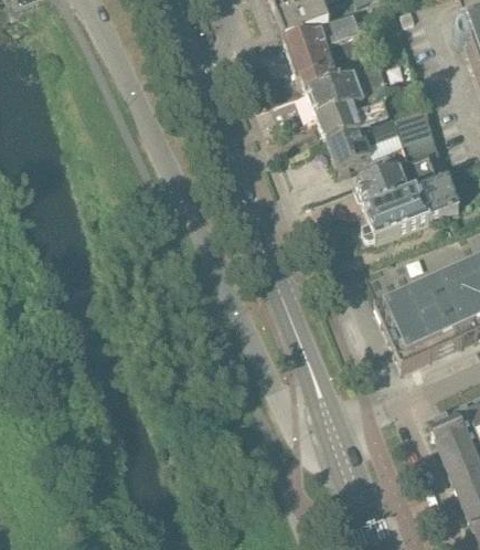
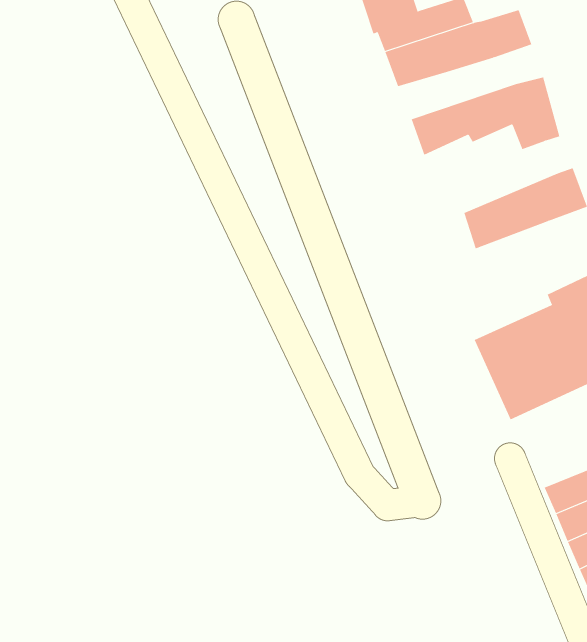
building: [317,98,405,139] -> none
building: [356,156,437,210] -> none

